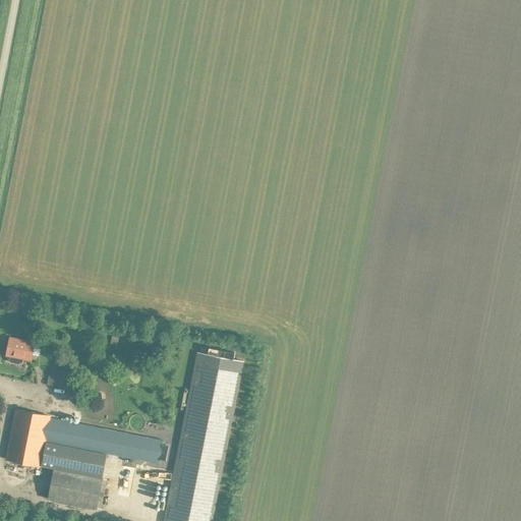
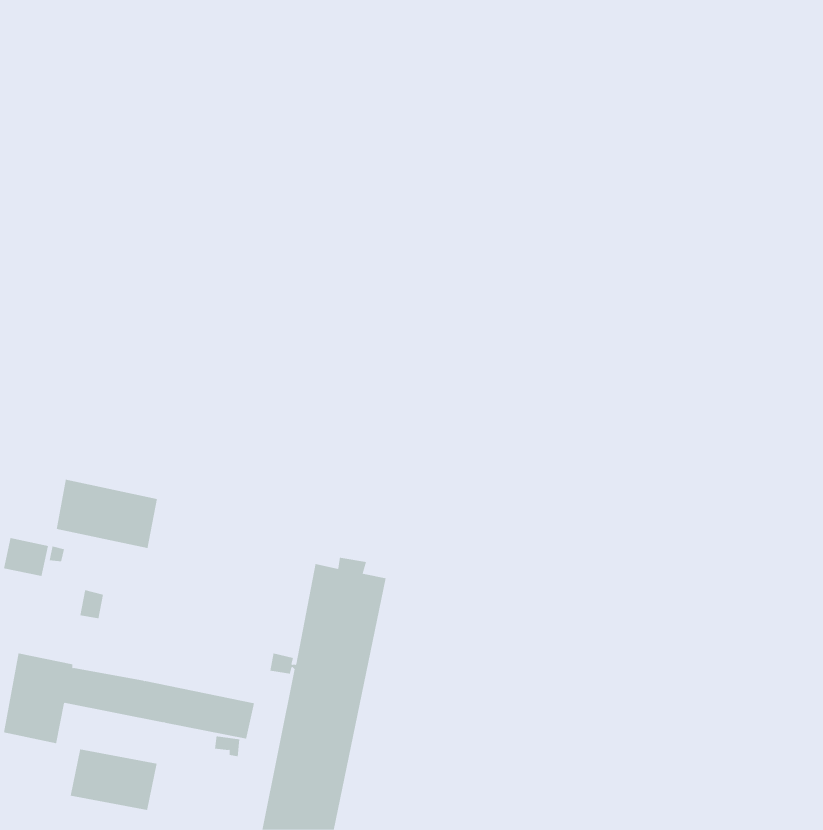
building: none -> [56,479,157,549]
building: [36,441,103,478] -> none

